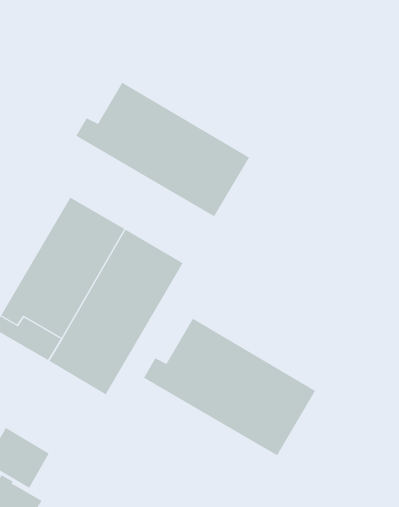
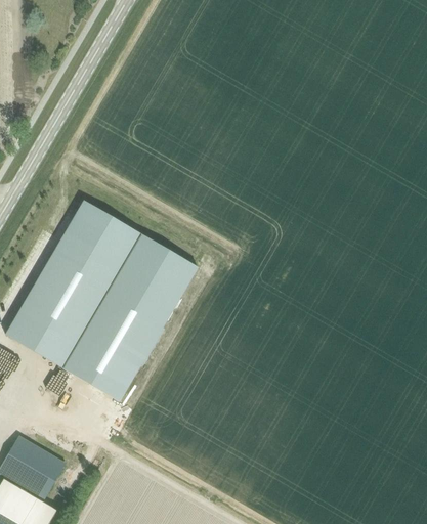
building: [76,82,250,217] -> none
building: [143,318,316,456] -> none

